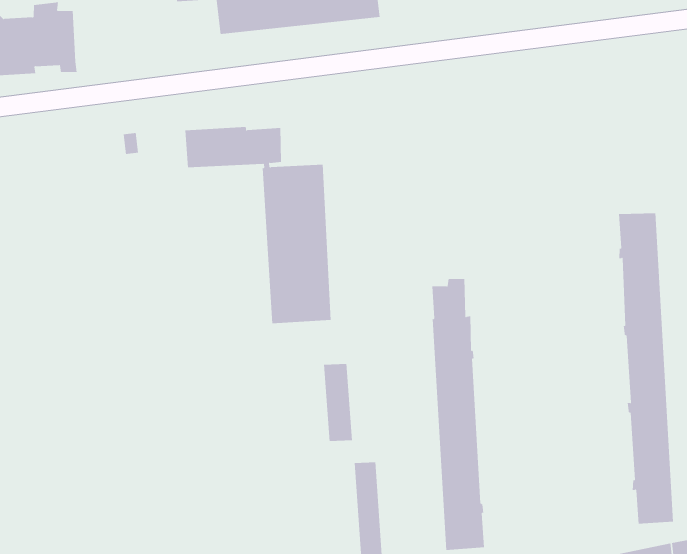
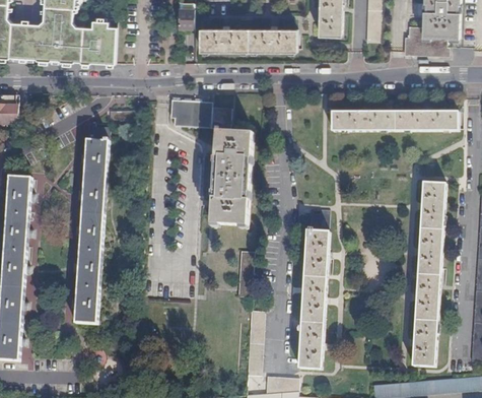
building: none -> [331,110,458,132]
building: none -> [74,123,109,324]

